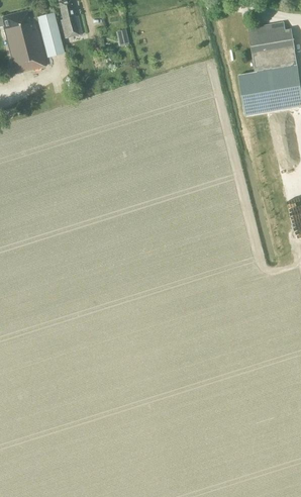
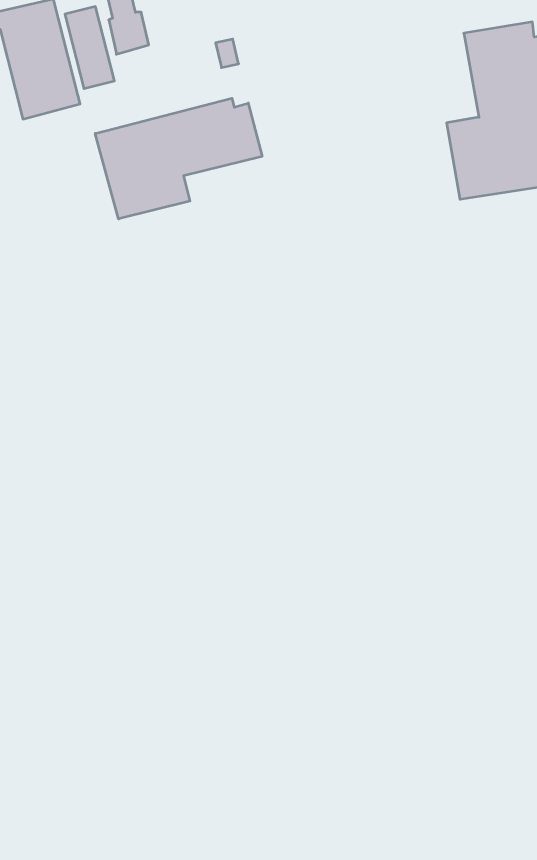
building: none -> [95,98,262,219]

